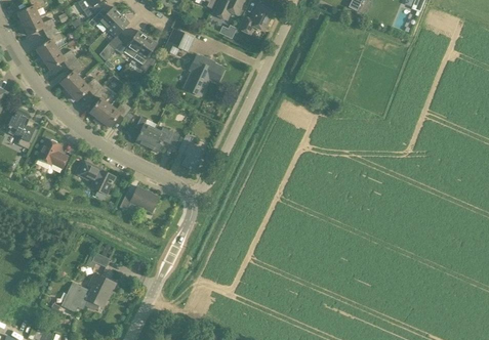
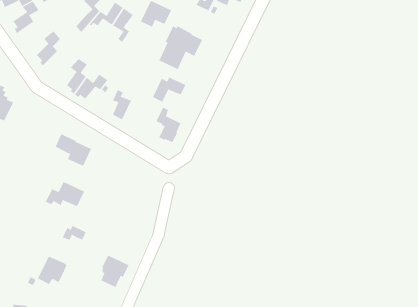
building: [40,49,77,70] -> none
building: [66,78,101,101] -> none
building: [146,127,179,153] -> [152,77,186,102]
building: [37,138,68,168] -> none
building: [119,186,159,212] -> [45,181,85,207]
building: [87,273,116,306] -> [101,255,129,288]

